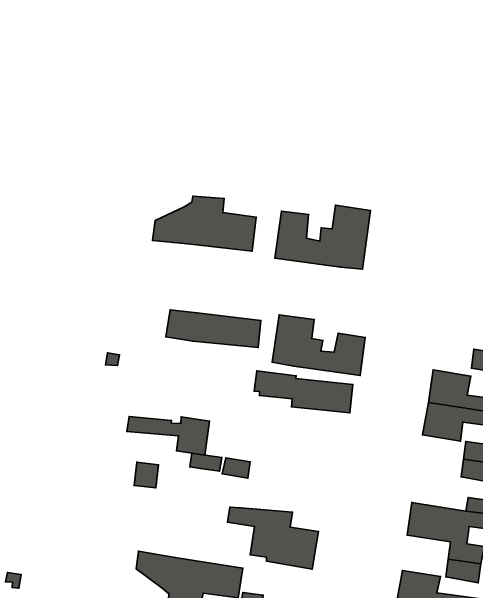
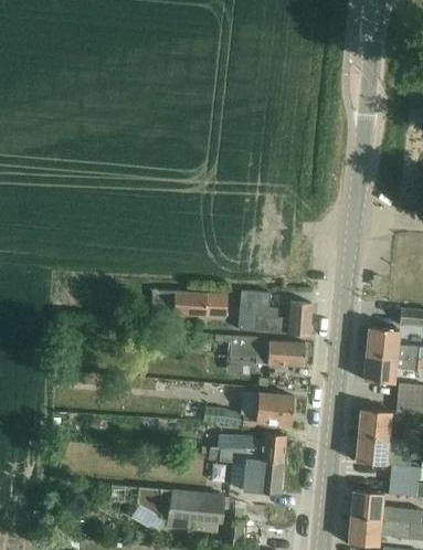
building: [152,196,256,251] -> none
building: [275,205,370,269] -> none
building: [127,417,210,455] -> [220,434,286,464]
building: none -> [242,393,294,427]
building: none -> [358,410,392,438]

